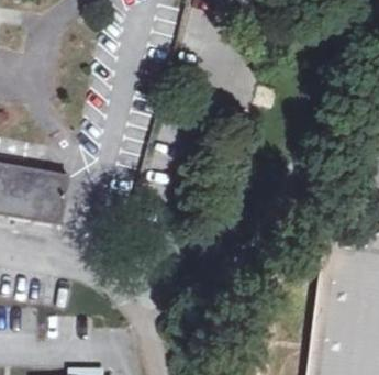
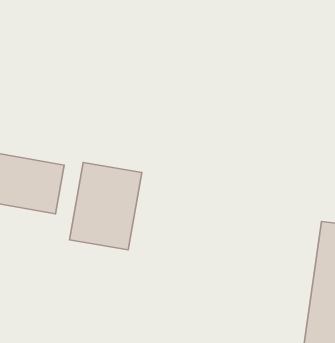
building: none -> [70,162,142,250]

